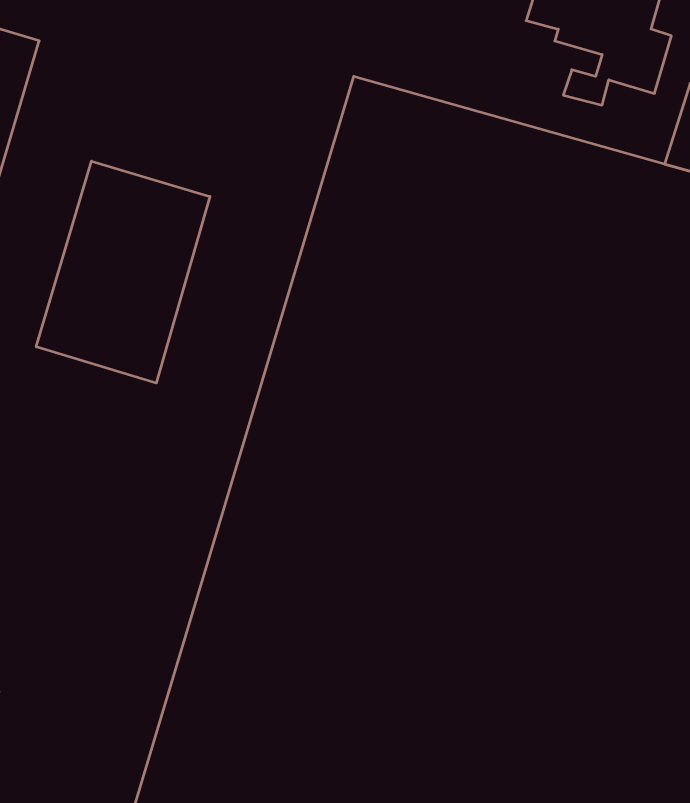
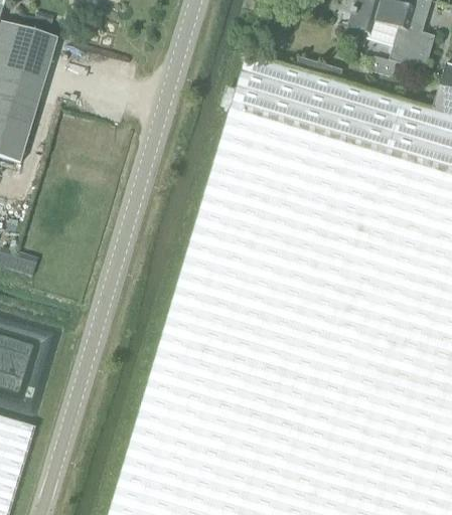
building: [36,161,210,383] -> none

